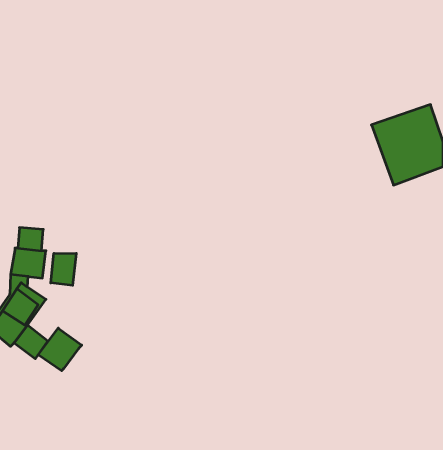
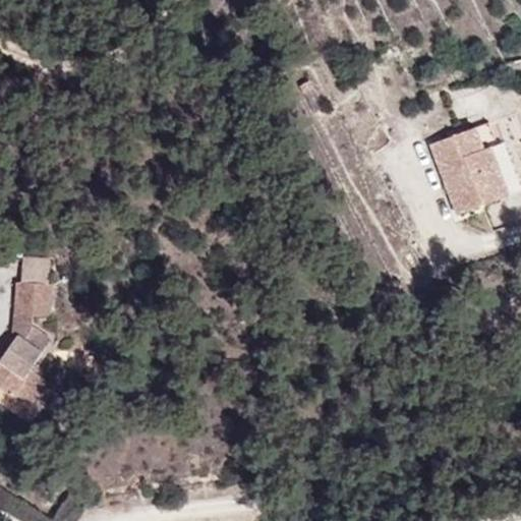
building: [51,253,76,285] -> none
building: [38,328,82,371] -> none

